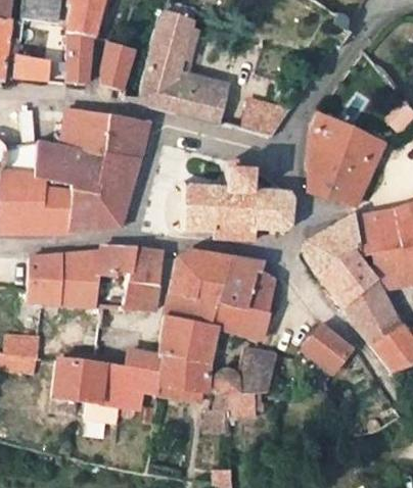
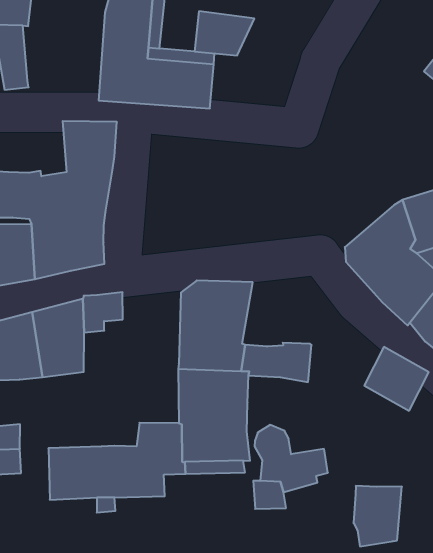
building: [100,42,133,90] -> none
building: [242,98,291,136] -> [195,11,254,55]
building: [60,107,107,153] -> none
building: [309,115,383,205] -> none
building: [184,159,294,241] -> none
building: [123,250,163,308] -> none
building: [216,258,276,311] -> none
building: [237,346,278,392] -> [353,486,402,546]

